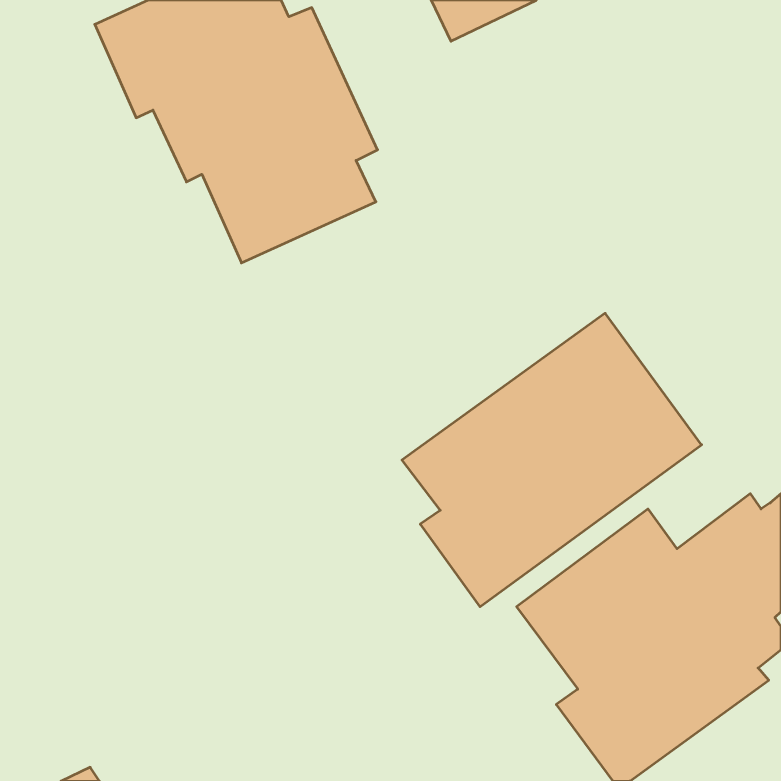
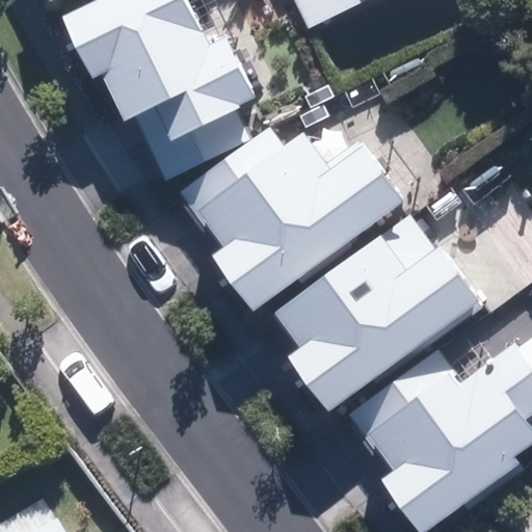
building: none -> [176,127,405,313]

